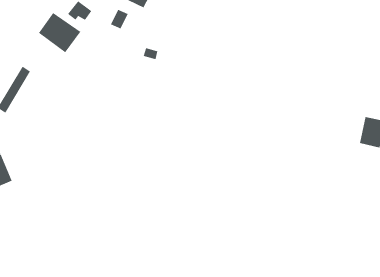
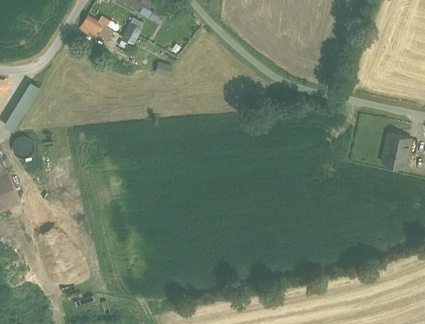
building: [38,12,81,53] -> none
building: none -> [12,136,34,158]

